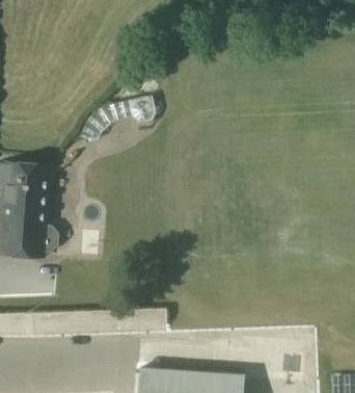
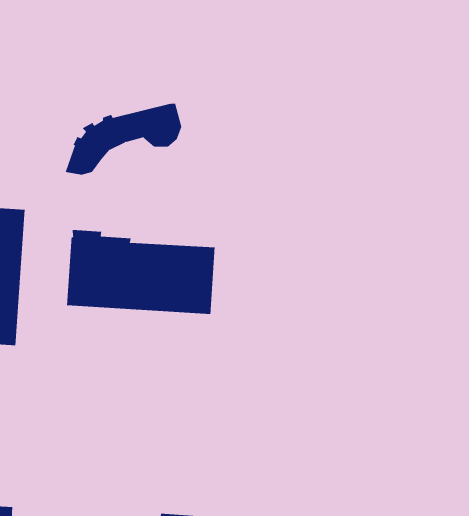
building: none -> [66,229,215,315]

